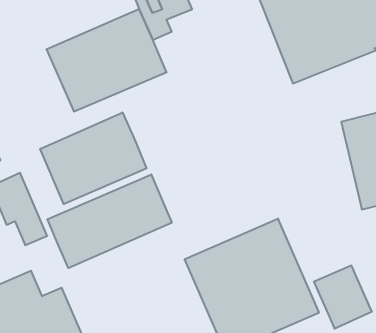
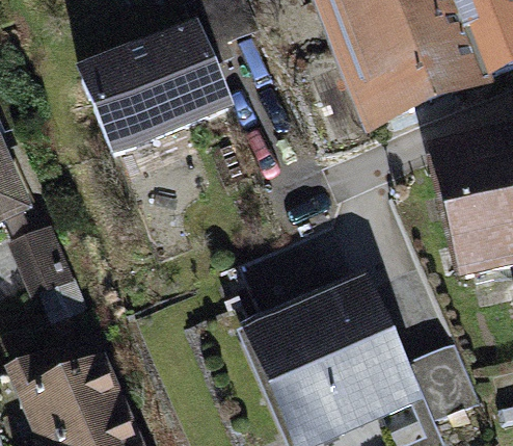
building: [40,112,147,204] -> none
building: [47,174,172,268] -> none

